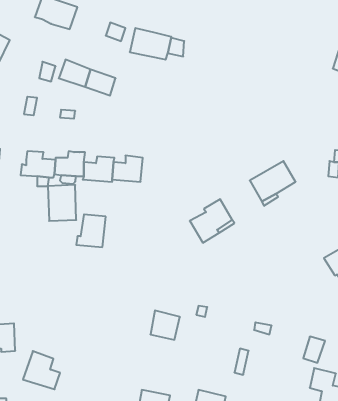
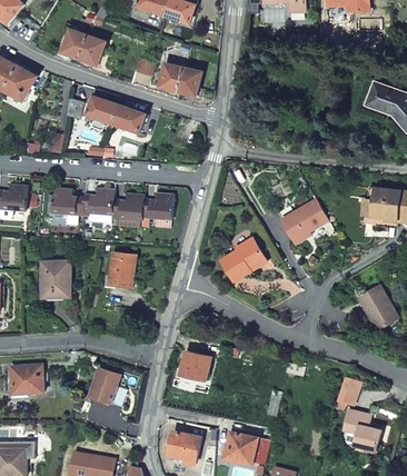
building: [48,185,76,221] -> [41,261,70,298]
building: [23,351,60,389] -> [88,368,126,407]

